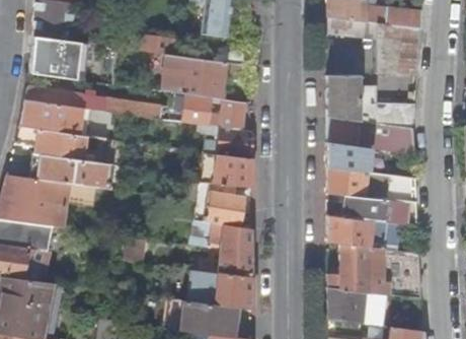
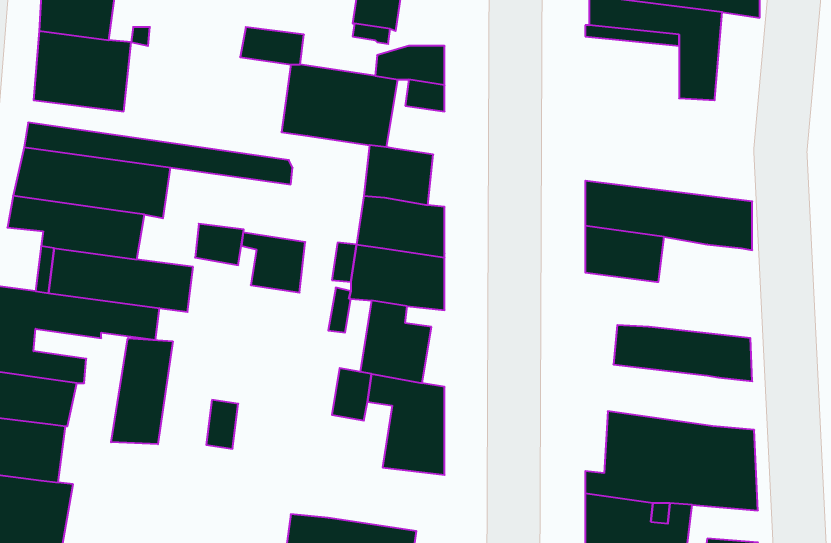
building: [397,26,421,74] -> none
building: [327,75,418,129] -> none
building: [176,93,211,126] -> [241,233,305,293]
building: [327,167,416,203] -> none
building: none -> [111,338,173,444]
building: [327,215,399,251] -> none
building: [188,270,251,310] -> none

